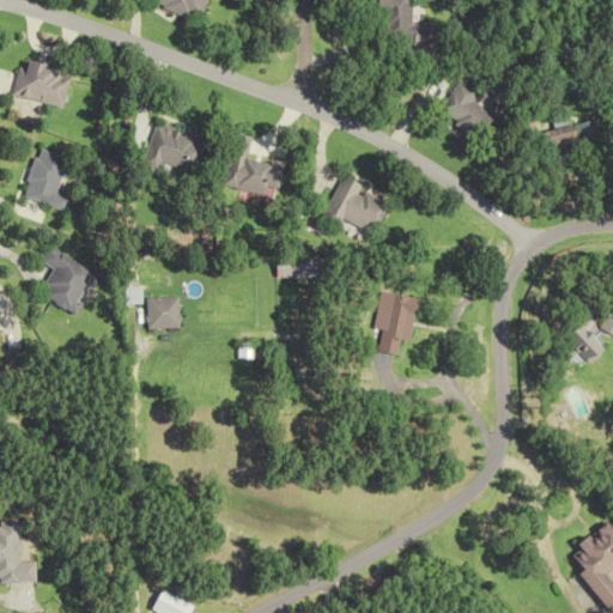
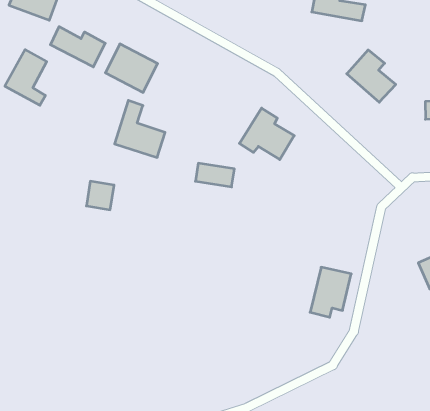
building: none -> [50,27,105,67]
building: [225,131,285,195] -> [115,100,165,157]
building: [41,245,98,314] -> none
building: [370,293,413,353] -> [310,267,351,317]

